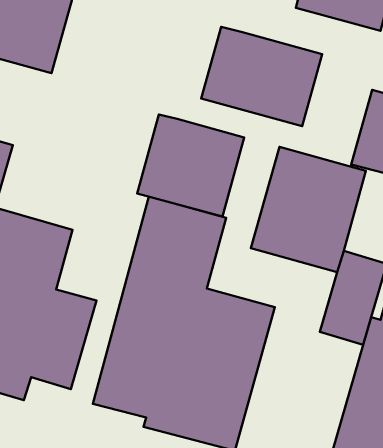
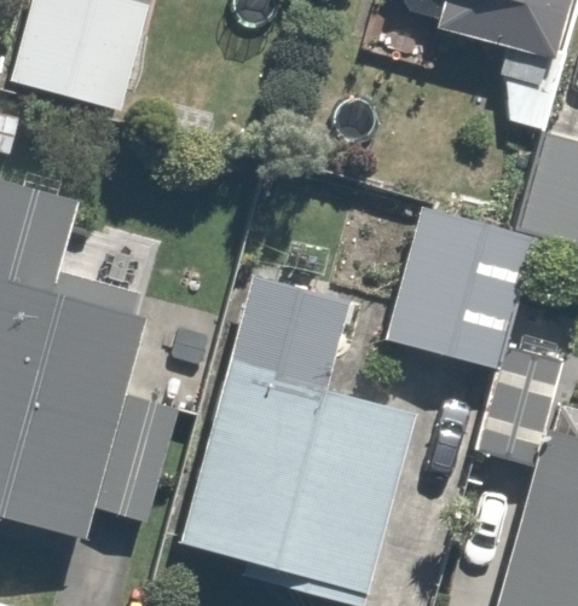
building: [201,27,322,126] -> none
building: [137,114,244,217] -> none

